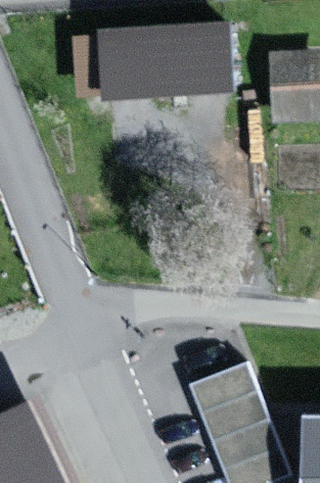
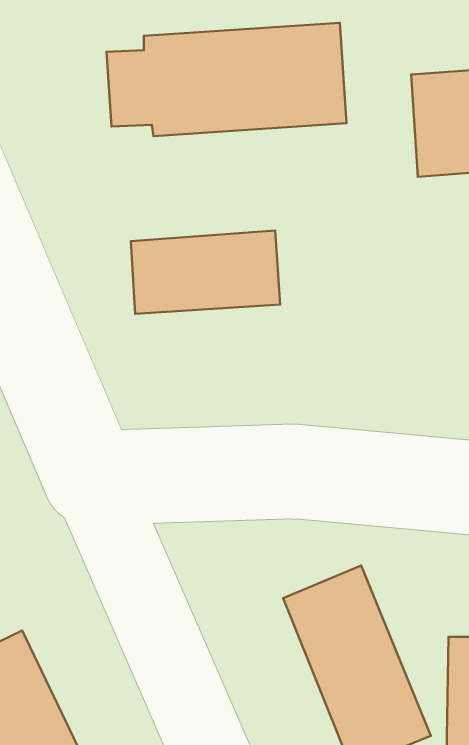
building: none -> [131,230,280,314]

